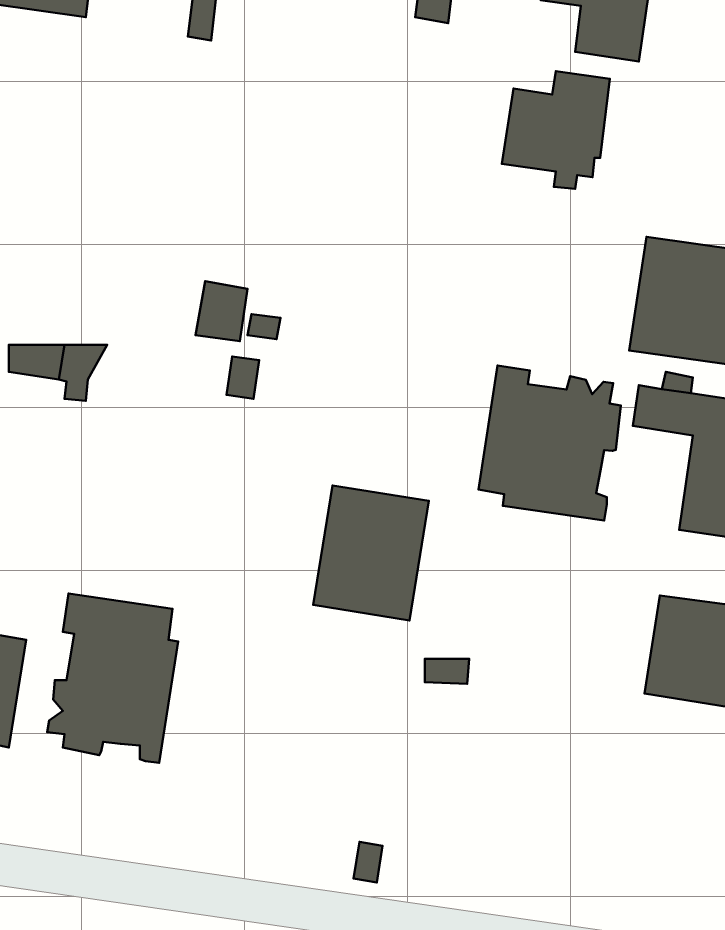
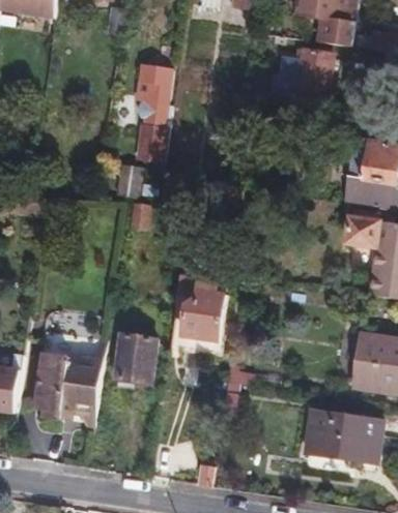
building: none -> [135,62,170,159]
building: [479,365,621,520] -> none
building: none -> [112,333,153,383]
building: none -> [307,412,382,463]

